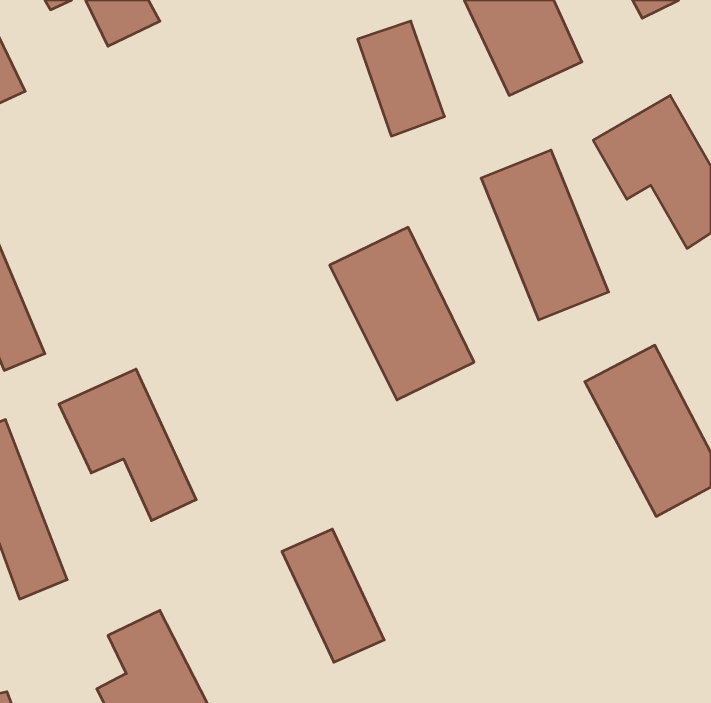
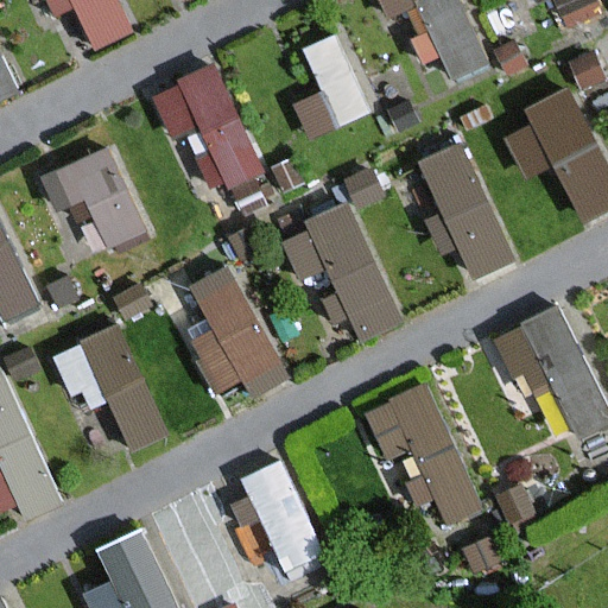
building: none -> [150,62,268,201]
building: none -> [53,144,148,249]
building: none -> [177,260,283,398]
building: none -> [357,381,487,526]

